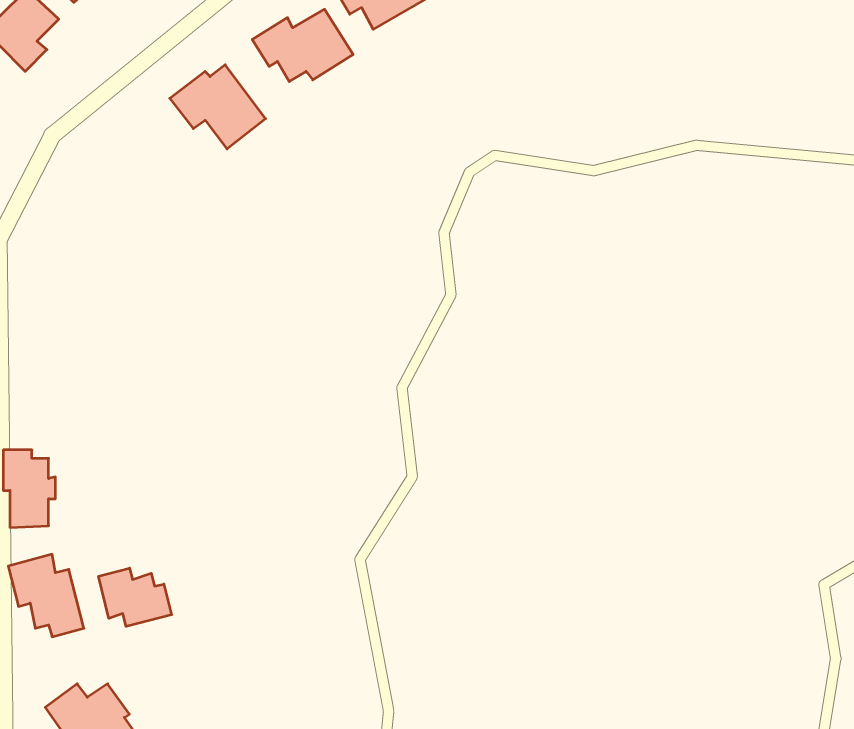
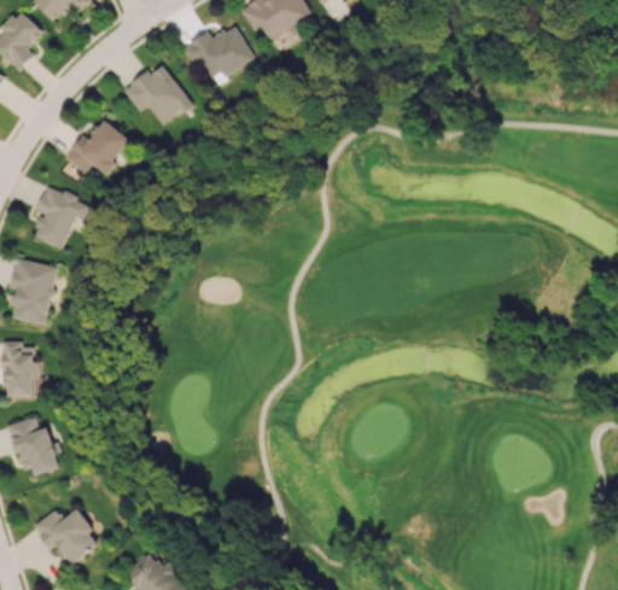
building: none -> [64,119,130,176]
building: none -> [33,186,91,249]
building: none -> [10,258,59,325]
building: [99,568,172,626] -> none

